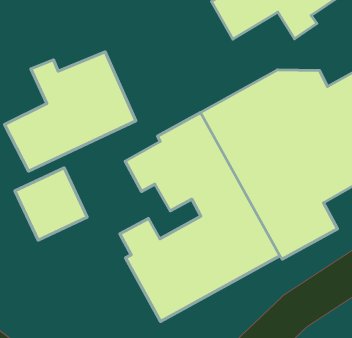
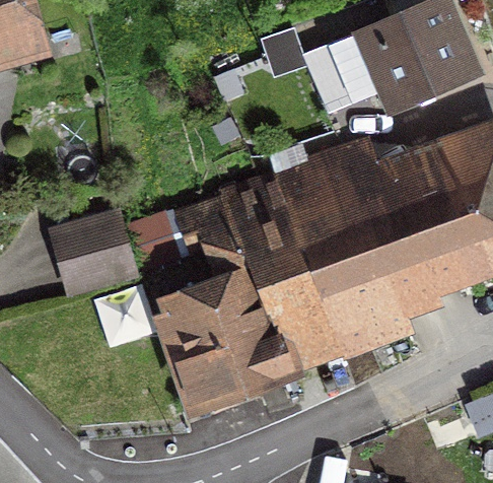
building: [5,52,136,171] -> none

